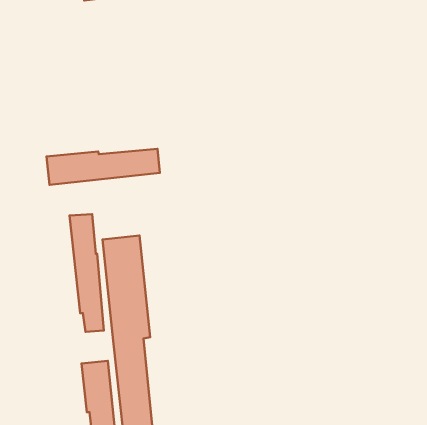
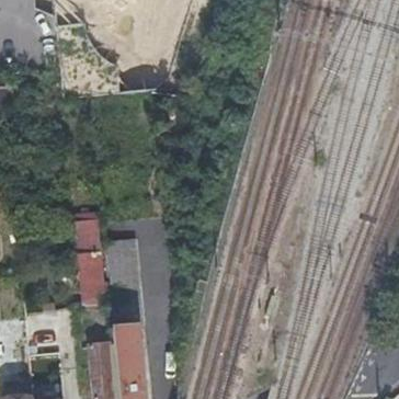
building: [46,149,160,185] -> none

